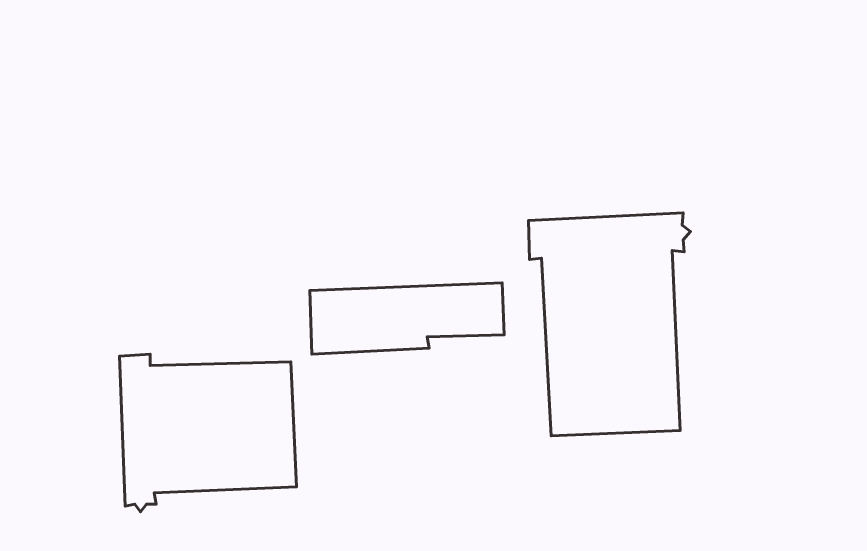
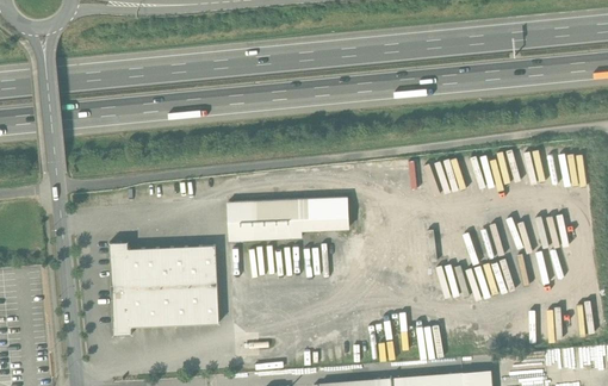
building: [529,213,690,436] -> none

